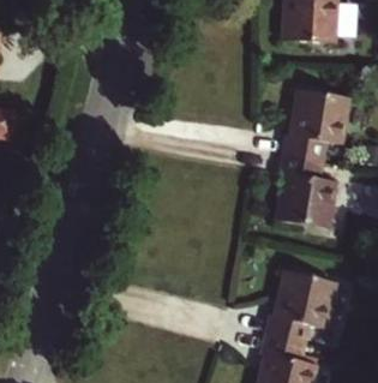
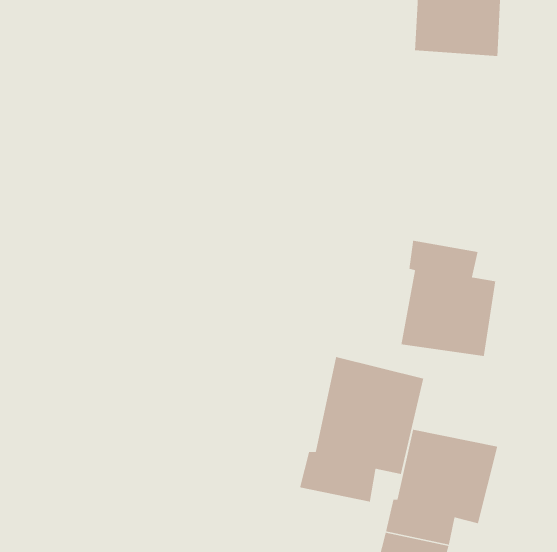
building: [283,89,348,162] -> none
building: none -> [299,356,424,503]

